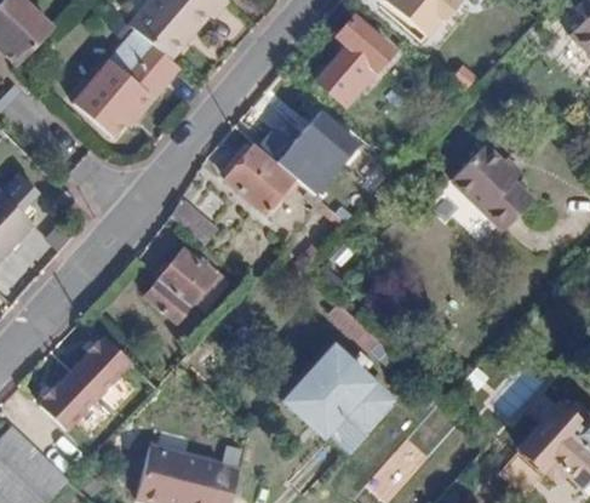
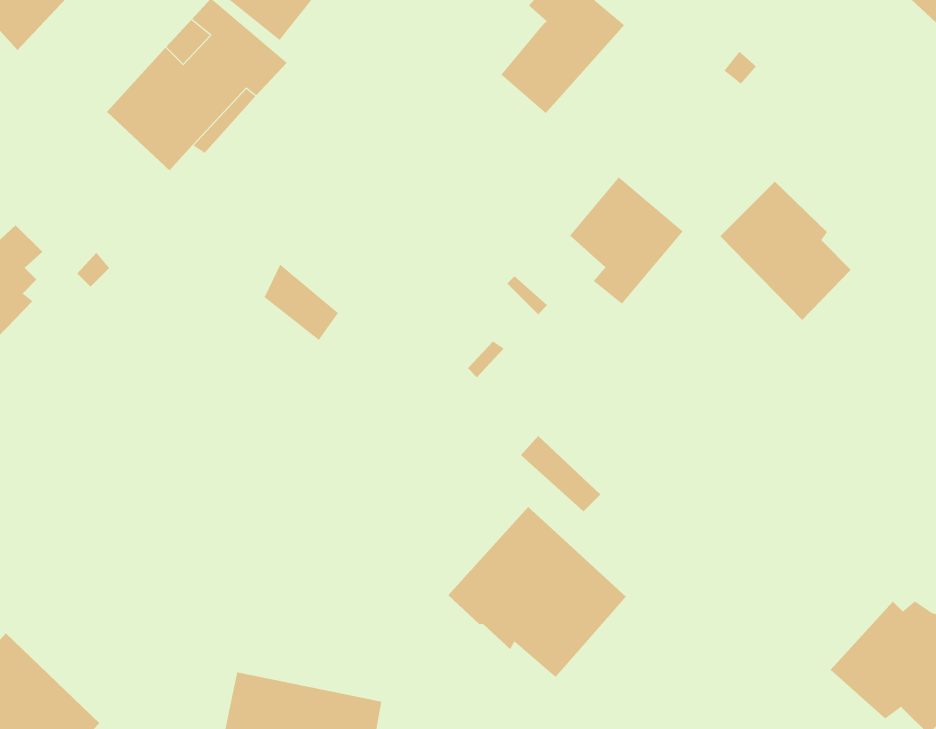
building: [288,108,359,187] -> [569,176,683,304]
building: [225,143,293,210] -> none
building: [142,247,214,321] -> none
building: [39,337,130,429] -> none

